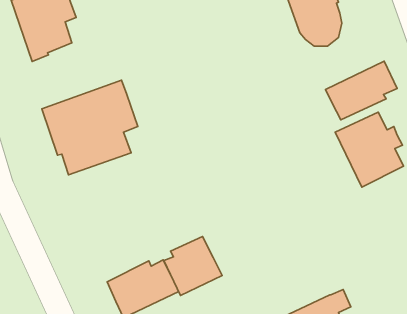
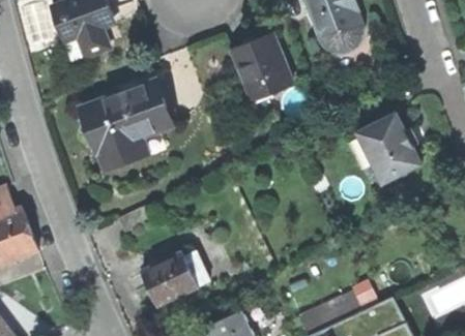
building: none -> [231,34,290,99]
building: [325,61,397,120] -> none
building: [164,237,222,295] -> none

